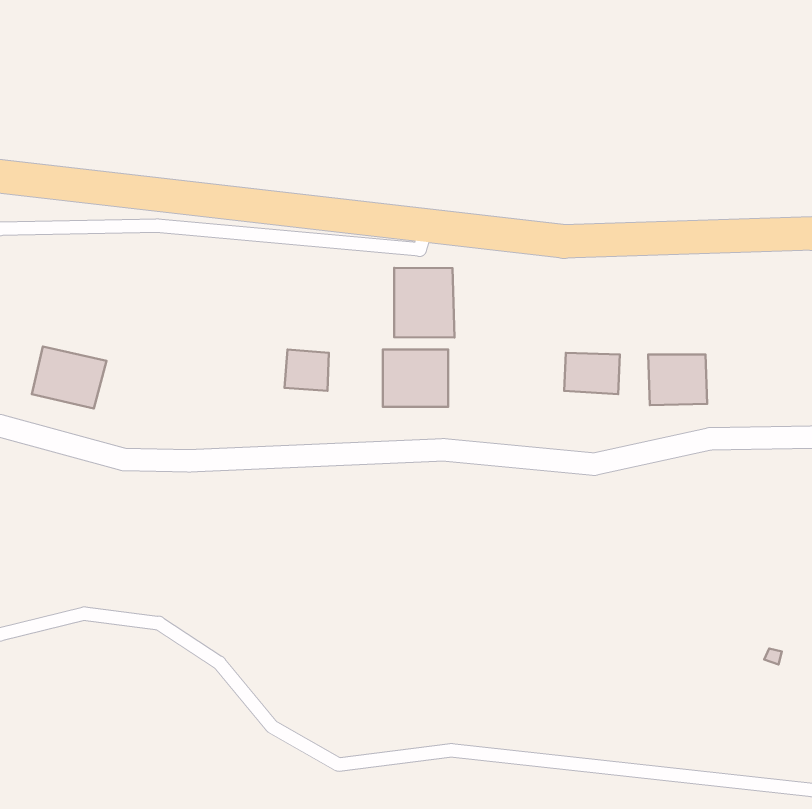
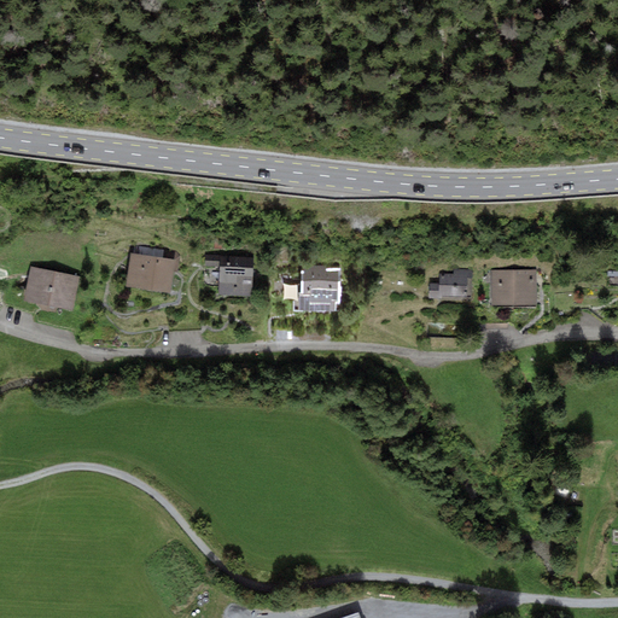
building: [394,268,454,337] -> none
building: none -> [126,252,174,293]

